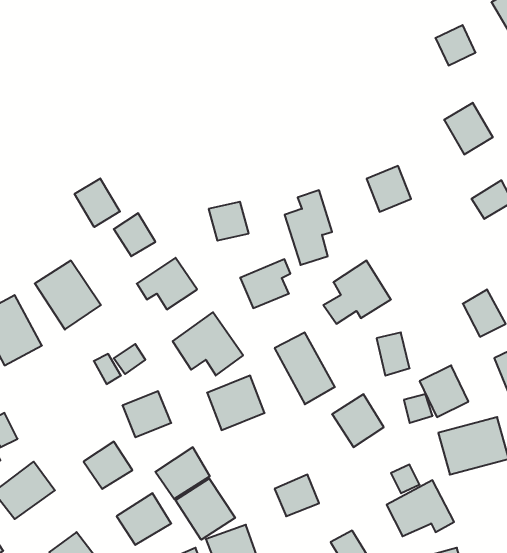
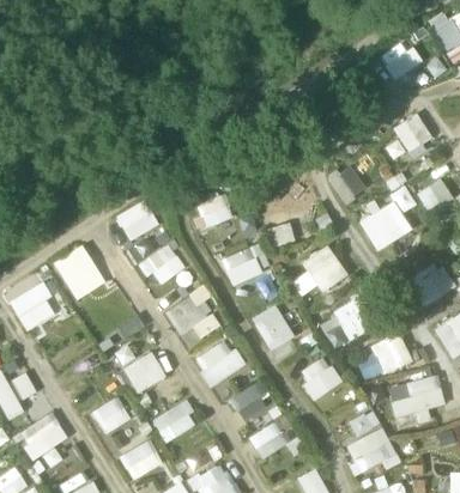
building: [75,178,120,227] -> none
building: none -> [357,200,411,251]
building: none -> [230,385,267,421]
building: [175,478,235,540] -> none

